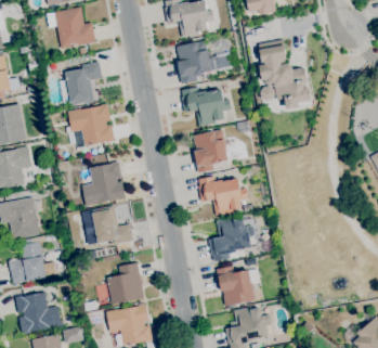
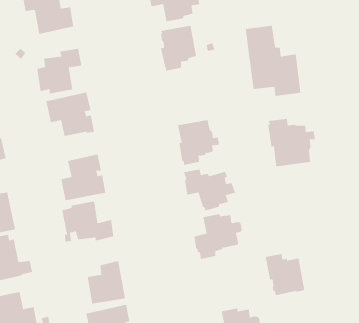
building: [182,87,232,126] -> none
building: none -> [267,118,315,167]
building: [217,266,255,306] -> [265,253,305,296]

